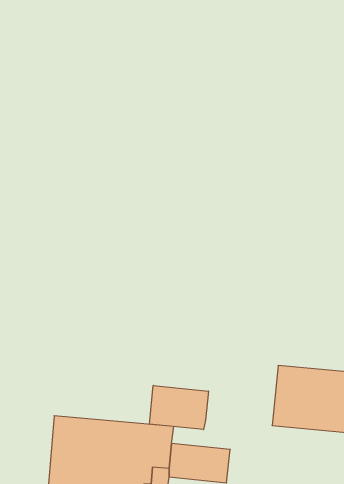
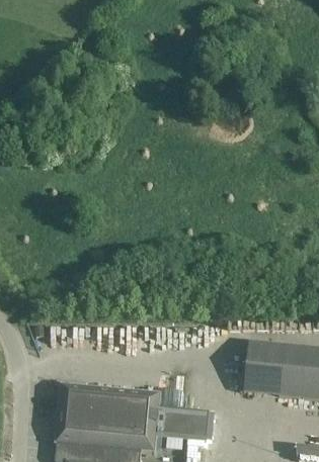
building: [150,385,208,430] -> none

